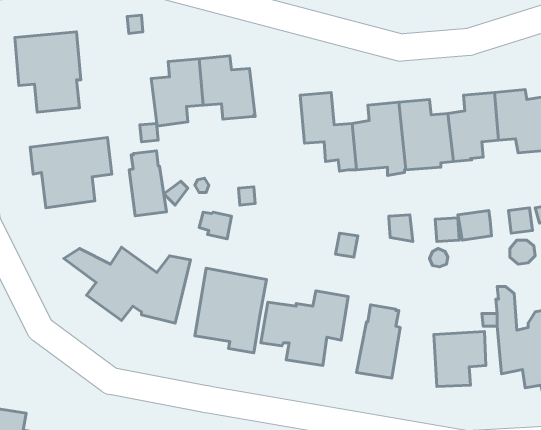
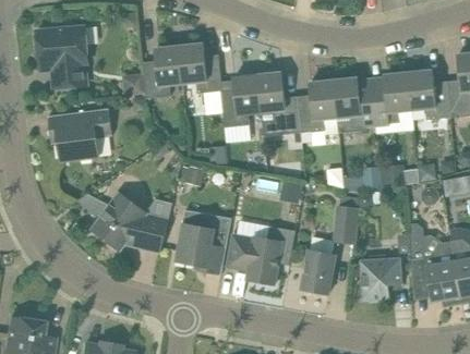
building: none -> [220,75,261,127]
building: [129,151,167,216] -> none
building: none -> [332,206,358,244]

